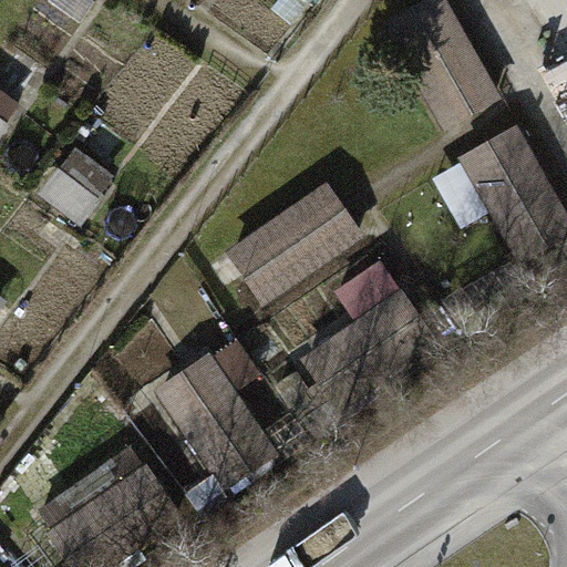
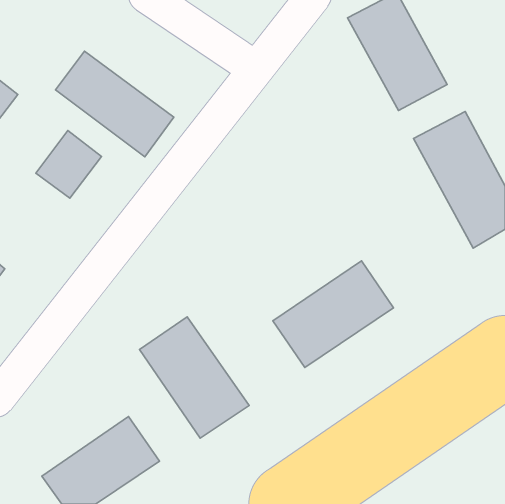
building: none -> [56,51,174,157]
building: [227,182,362,302] -> none

